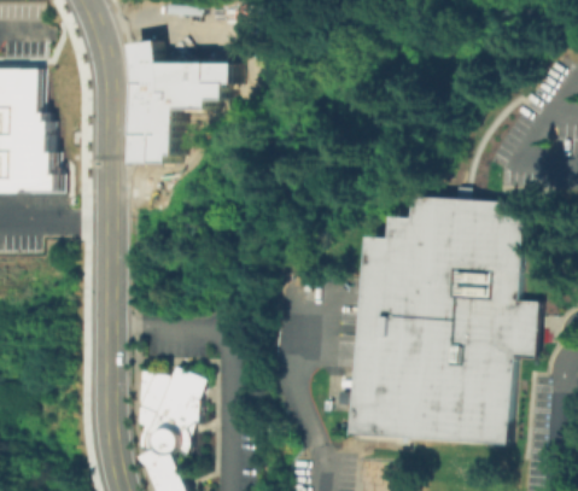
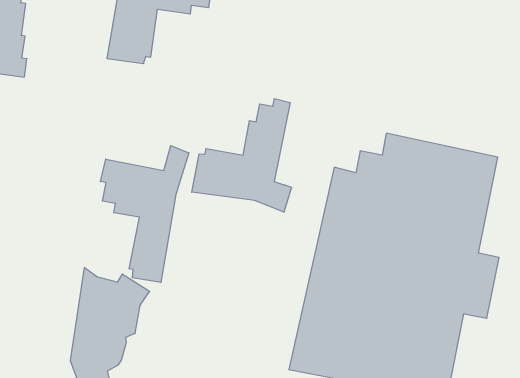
building: none -> [192,99,292,212]
building: none -> [100,146,189,283]

